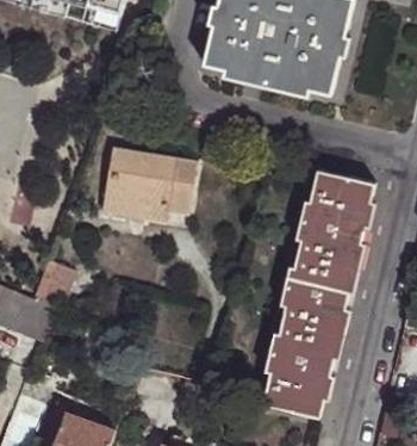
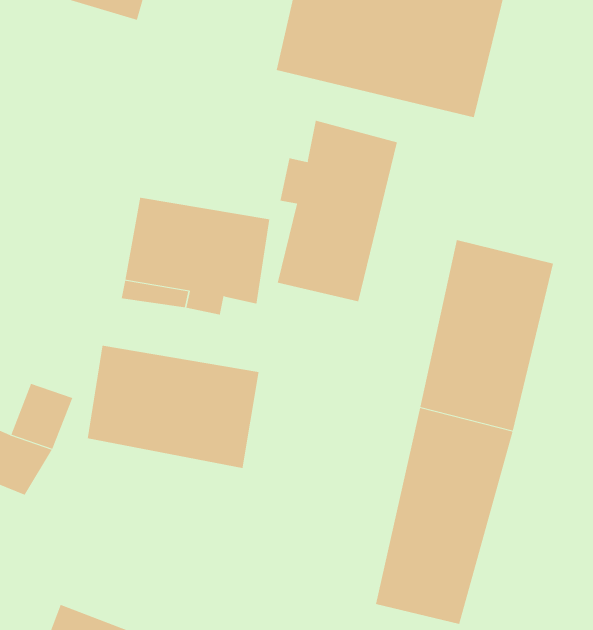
building: none -> [277,120,398,302]
building: none -> [87,345,259,469]

